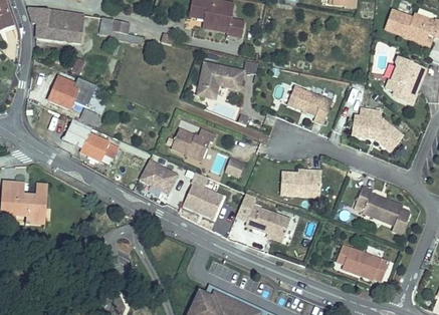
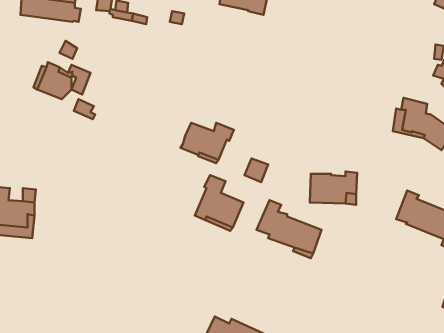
building: [196,60,245,99] -> none
building: [287,85,333,124] -> none
building: [64,118,117,161] -> none
building: [139,159,179,195] -> none
building: [336,244,389,282] -> none

